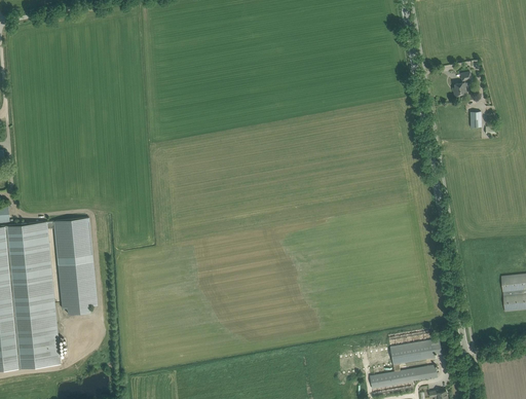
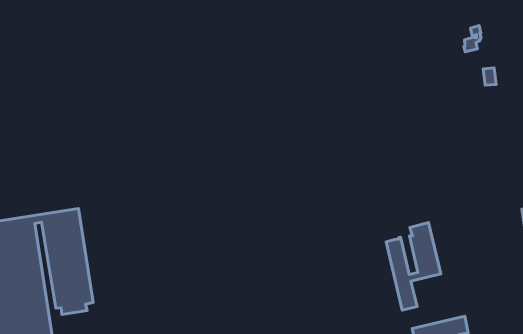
building: none -> [386,223,441,310]

